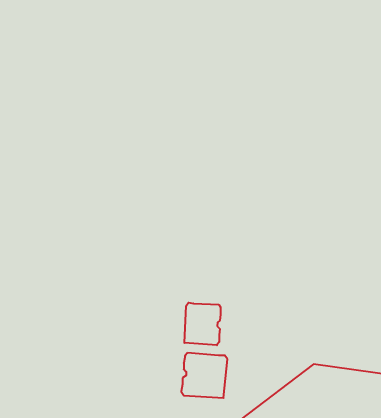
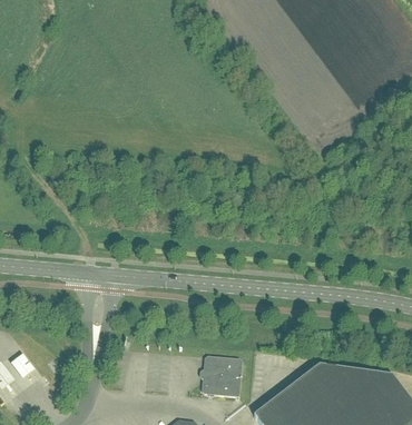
building: [184,303,221,345] -> none

